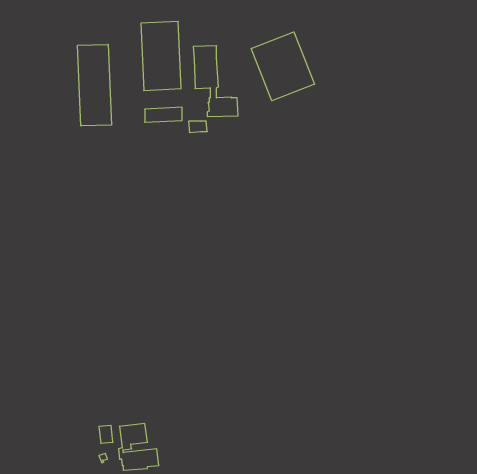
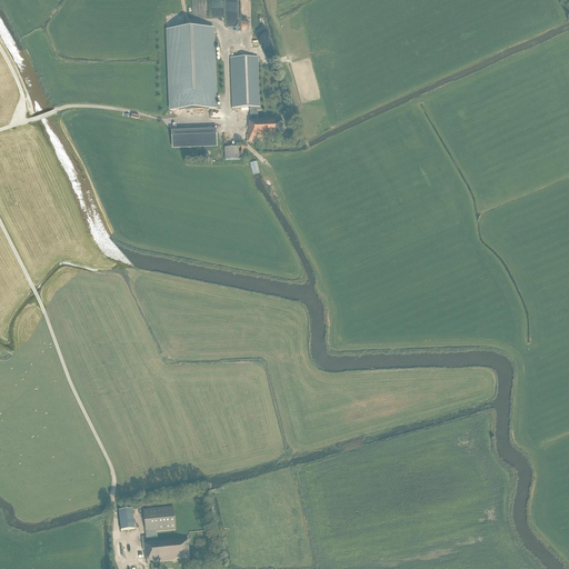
building: [251,32,315,101] -> none
building: [78,44,111,126] -> none

